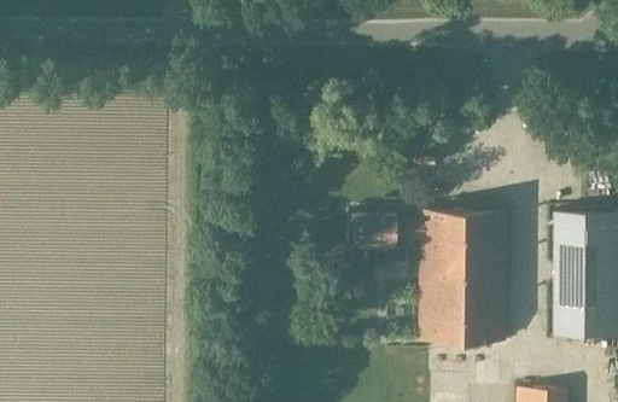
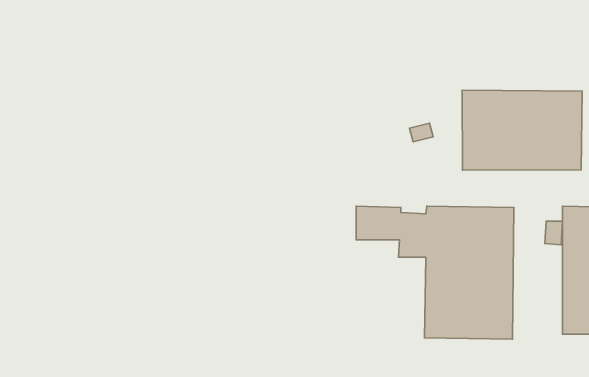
building: none -> [462,90,582,170]

